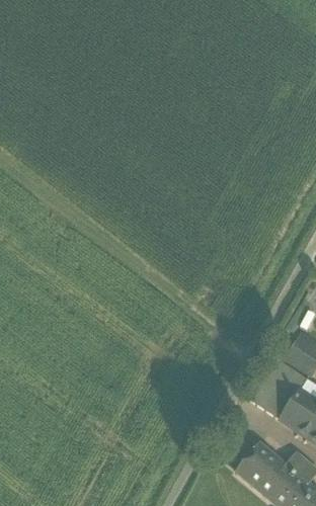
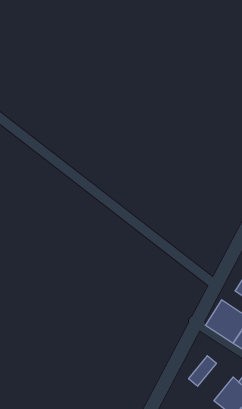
building: [241,445,284,490] -> none

